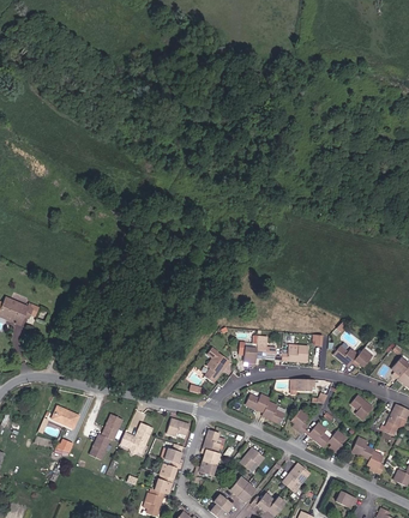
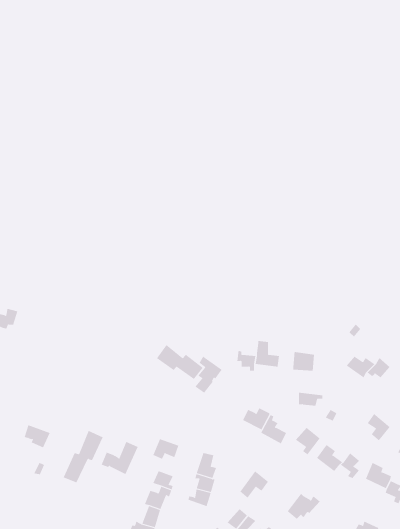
building: none -> [156,344,204,380]

